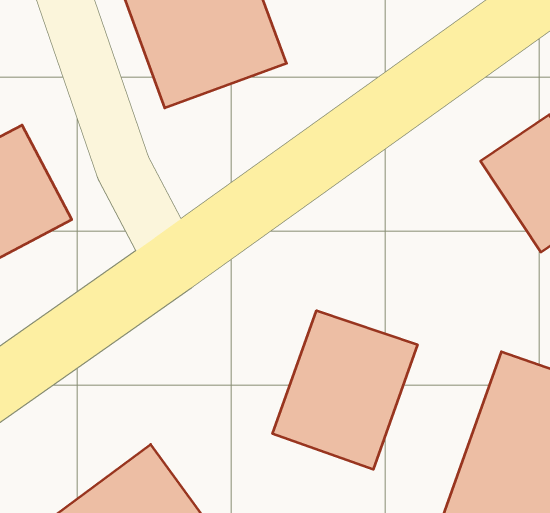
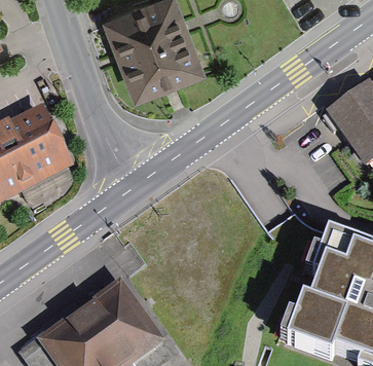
building: [273,311,417,469] -> none

